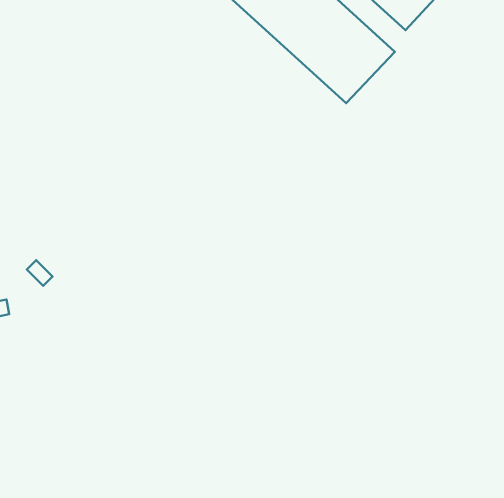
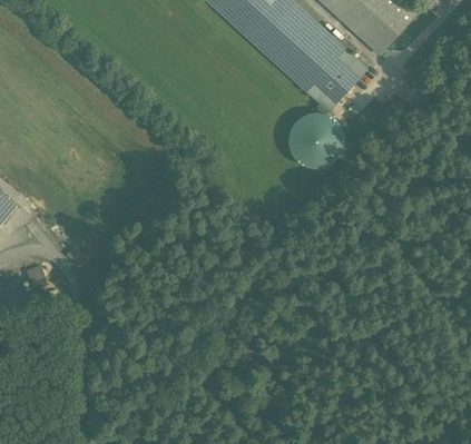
building: none -> [288,110,341,162]

